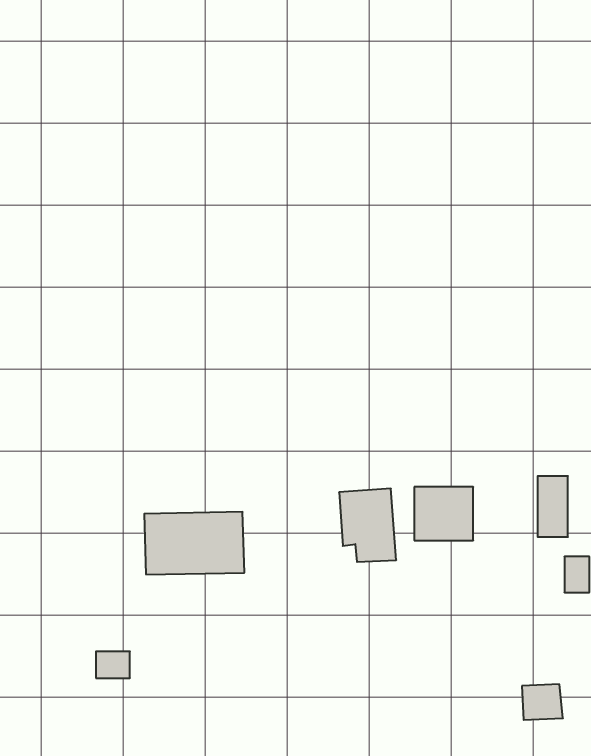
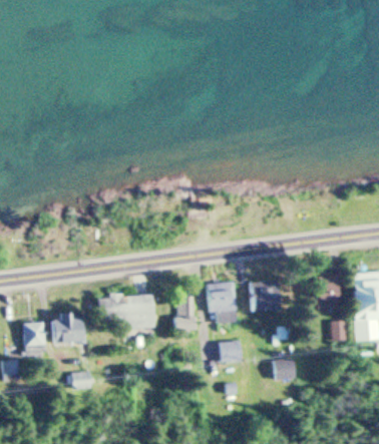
building: none -> [173,296,196,331]
building: none -> [24,312,83,355]
building: none -> [221,342,244,361]
building: [522,684,563,720] -> [276,359,299,379]

